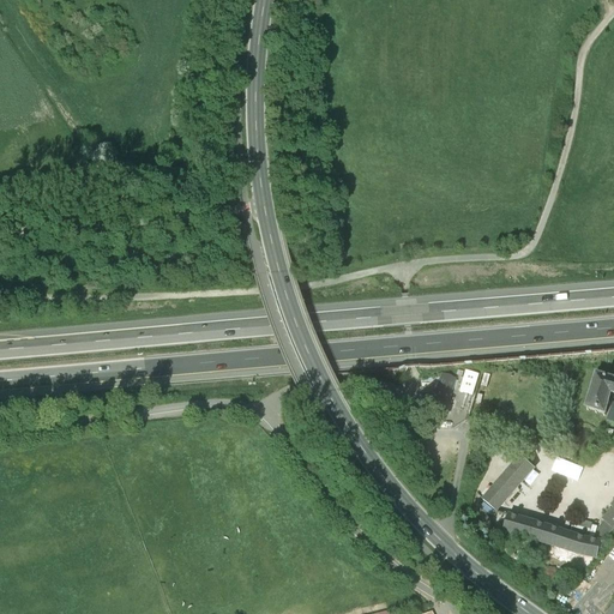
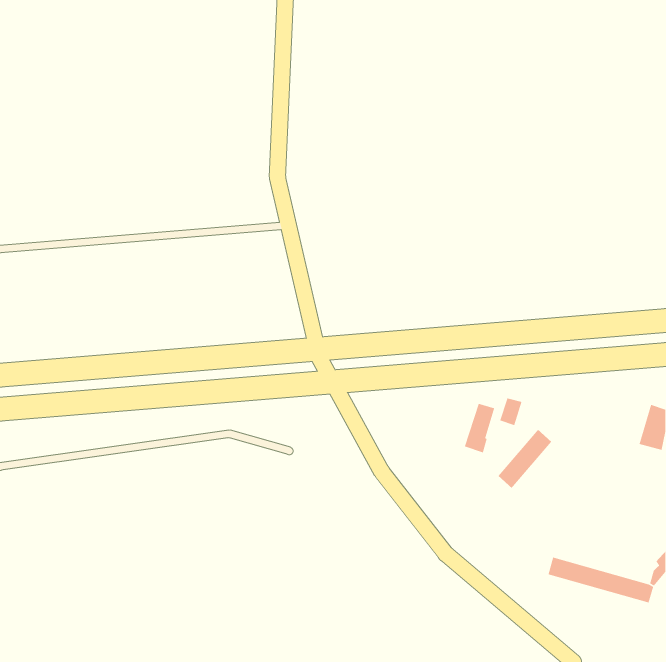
building: [483,453,534,508] -> [498,429,552,489]

